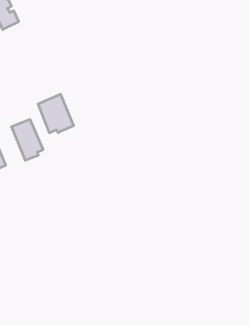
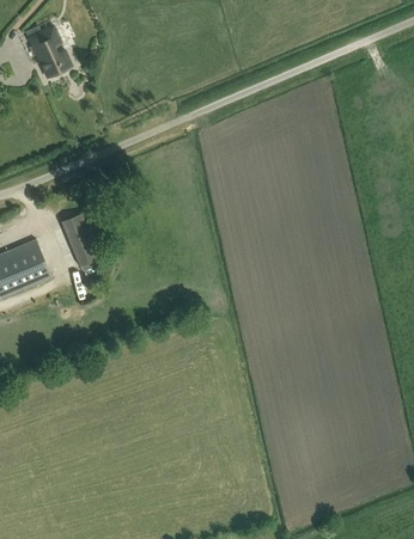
building: [38,94,74,133] -> none

